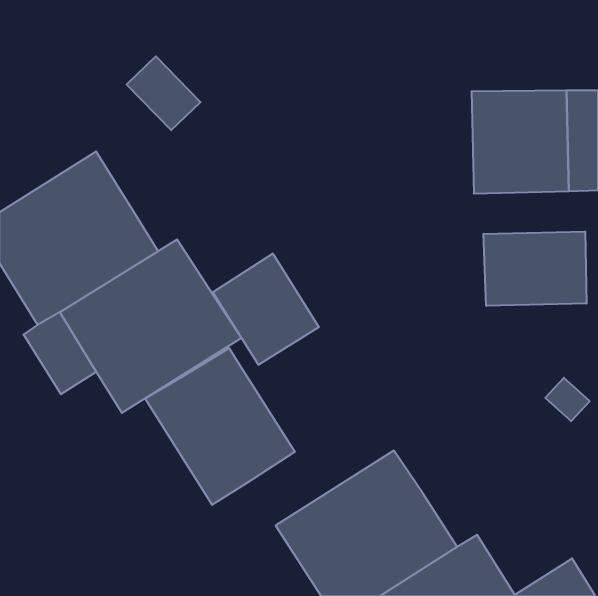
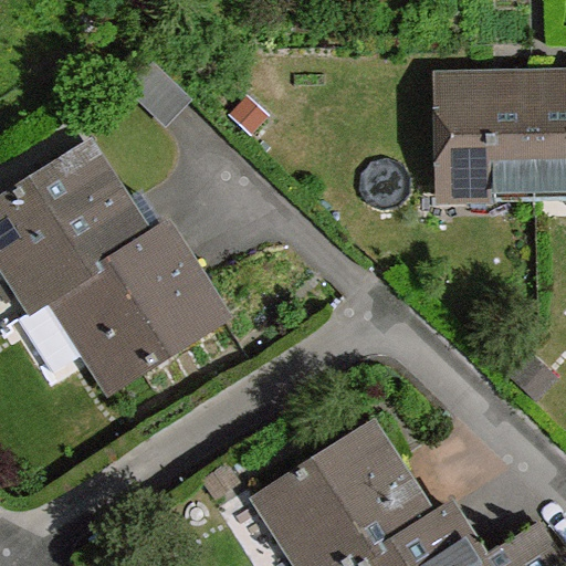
building: [484,231,587,306] -> none
building: [213,253,319,365] -> none
building: [145,348,295,505] -> none

